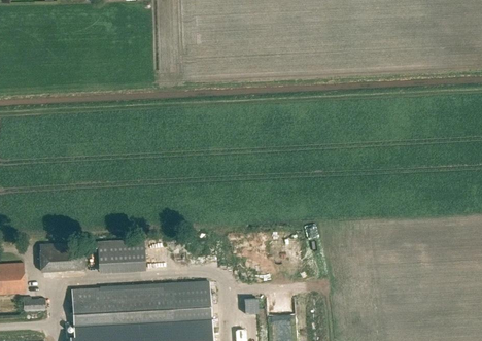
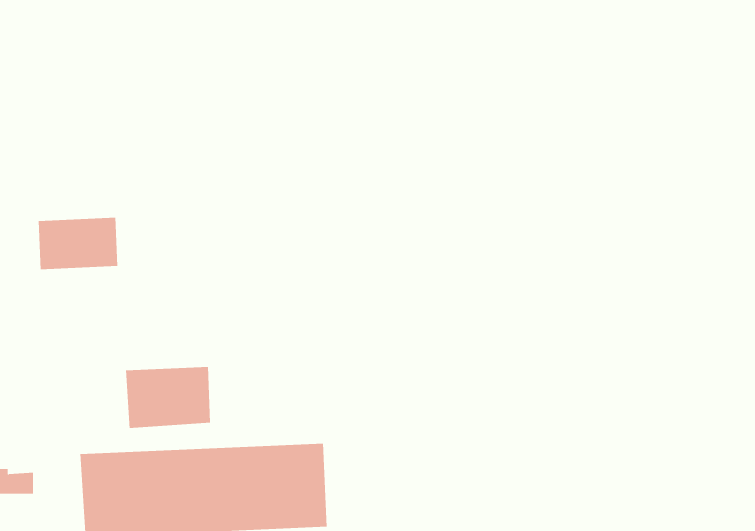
building: [39,242,84,272] -> [38,217,118,270]

